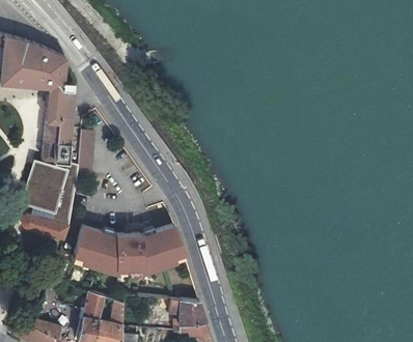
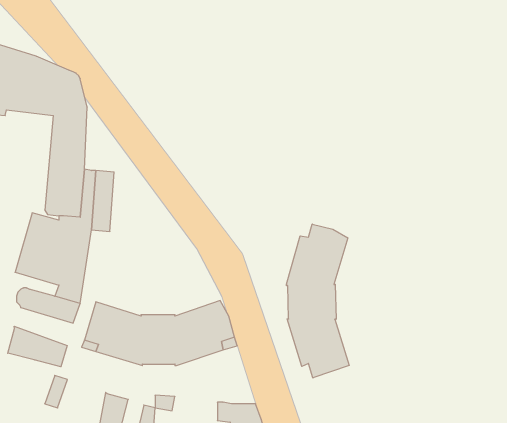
building: none -> [286,224,349,378]
building: none -> [8,326,67,367]

